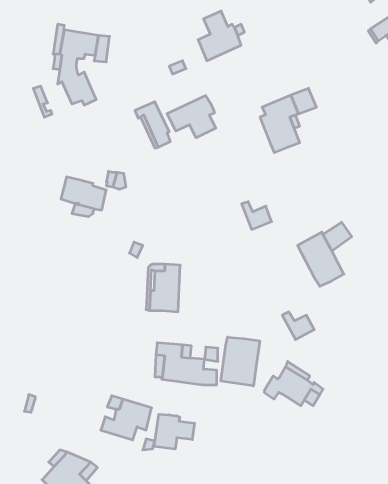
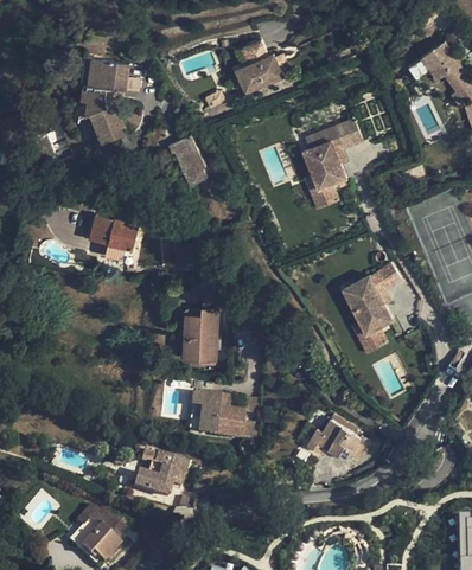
building: [167,96,216,138] -> none
building: [242,202,272,229] -> [306,179,338,209]
building: [282,312,314,340] -> [353,324,388,353]
building: [221,337,260,386] -> none
building: [154,414,194,449] -> none

